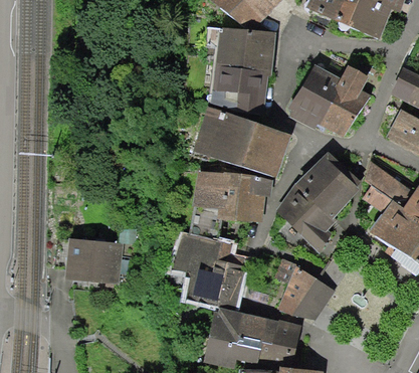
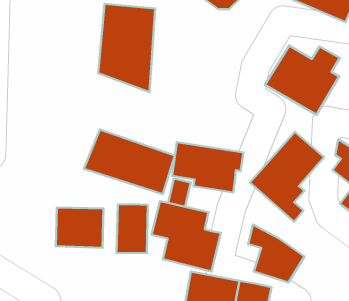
building: [212,27,273,122] -> [98,4,155,92]
building: [191,107,288,176] -> [84,129,175,194]
building: none -> [117,204,148,253]

